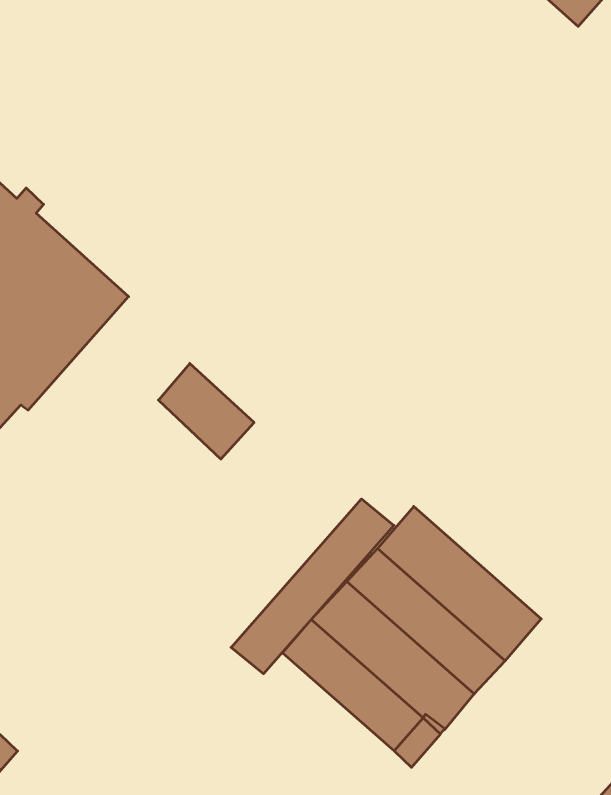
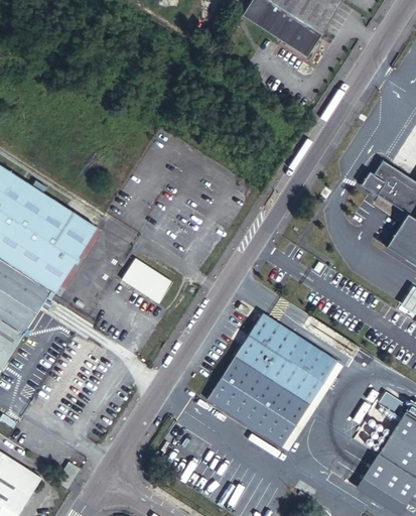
building: [231,499,394,674] -> none

